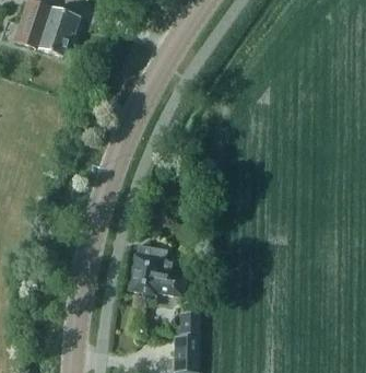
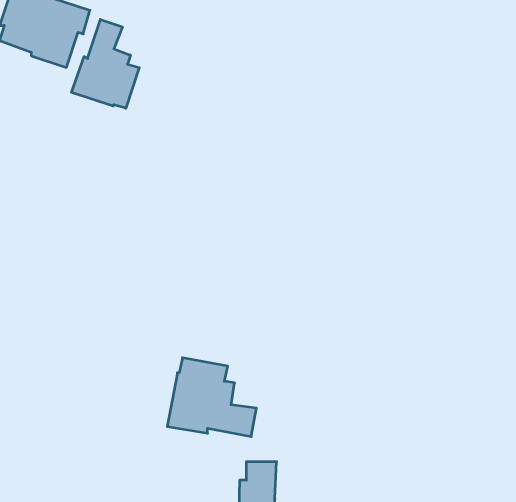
building: none -> [71,19,139,108]

